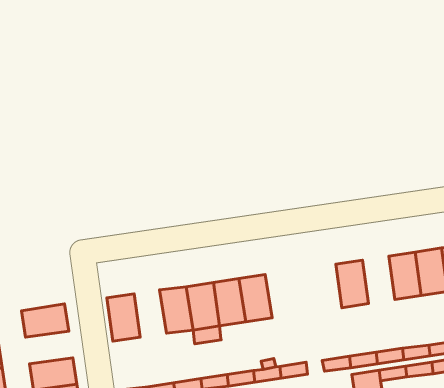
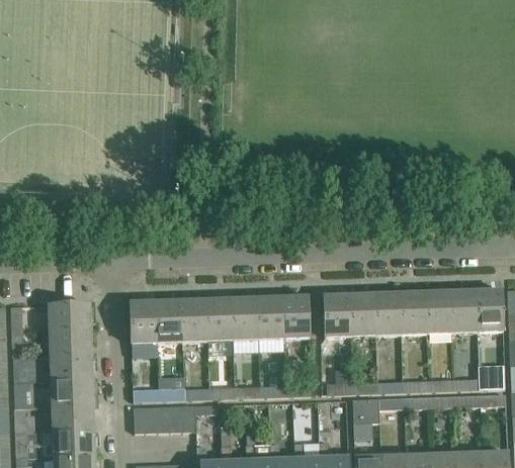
building: none -> [374,293,401,336]
building: none -> [323,295,350,338]
building: none -> [281,296,310,339]
building: none -> [156,300,182,343]
building: none -> [49,330,91,356]

